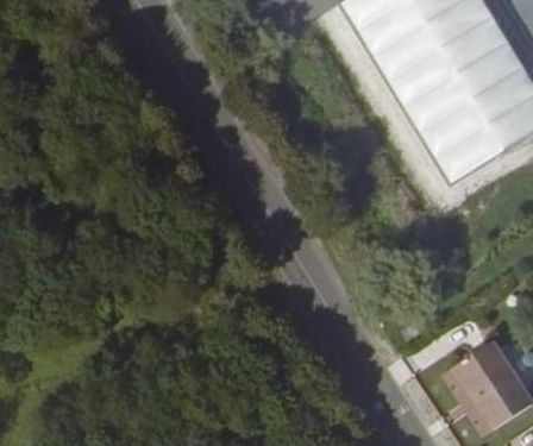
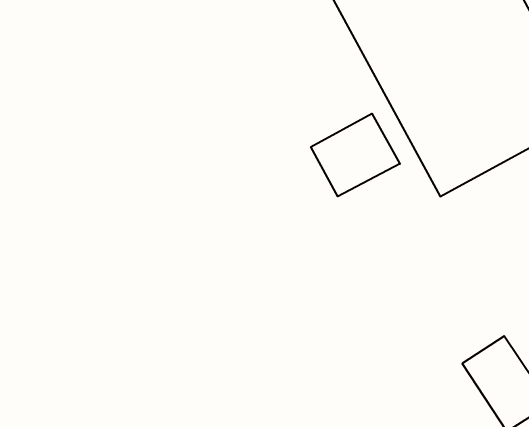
building: none -> [311,114,400,196]

